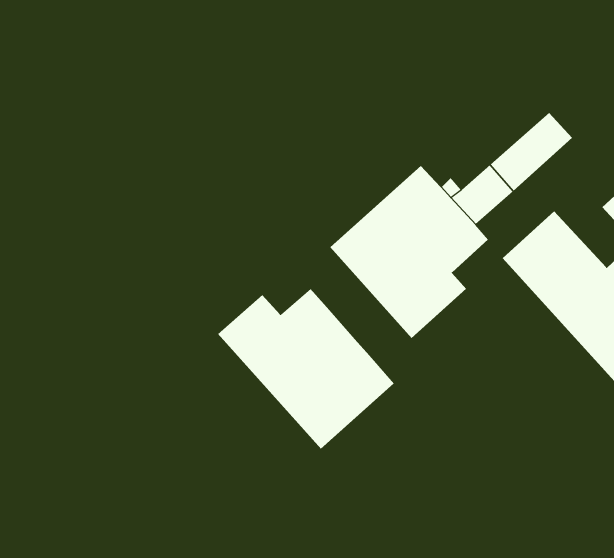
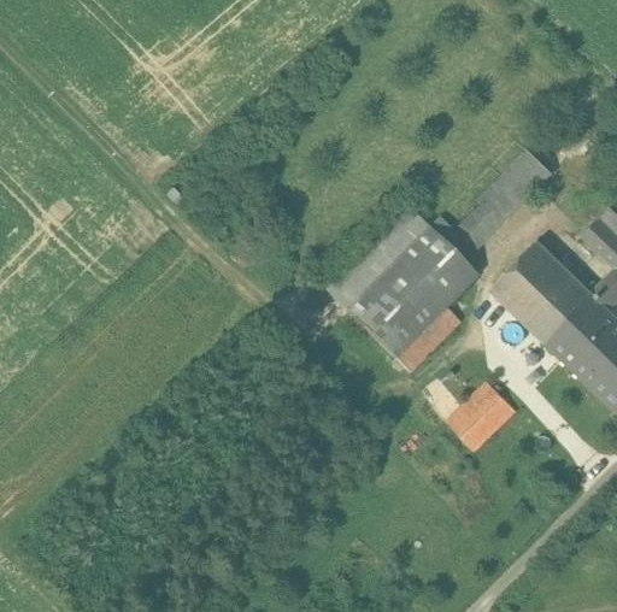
building: [217,288,394,449] -> none
building: none -> [446,381,517,452]

